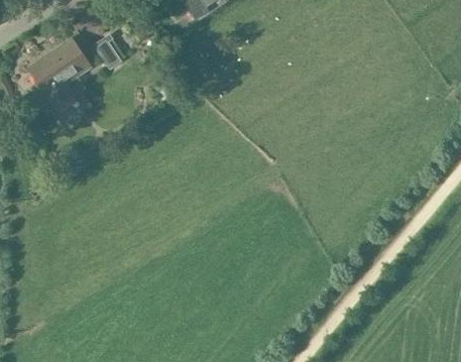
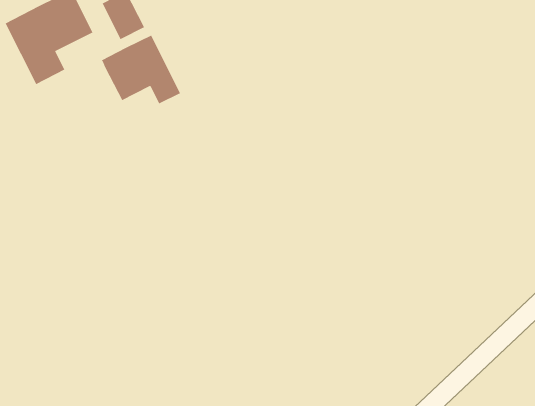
building: none -> [101,34,181,105]

